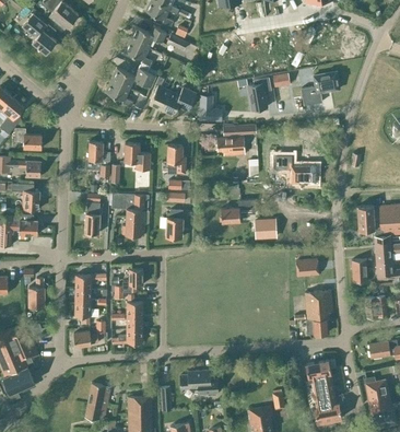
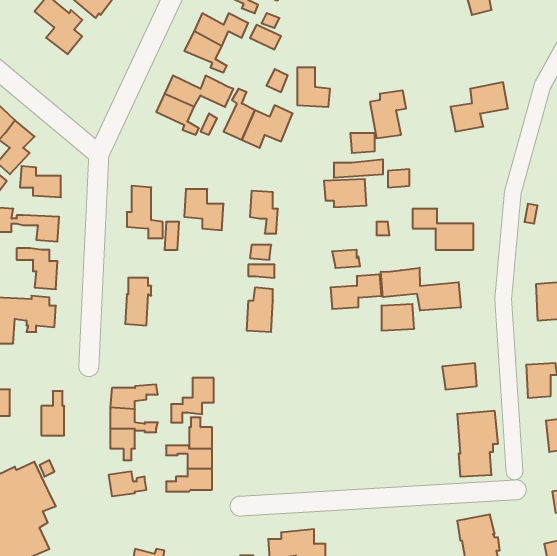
building: [200,95,222,121] -> [297,67,330,107]
building: [110,194,149,236] -> none
building: none -> [381,268,461,311]

